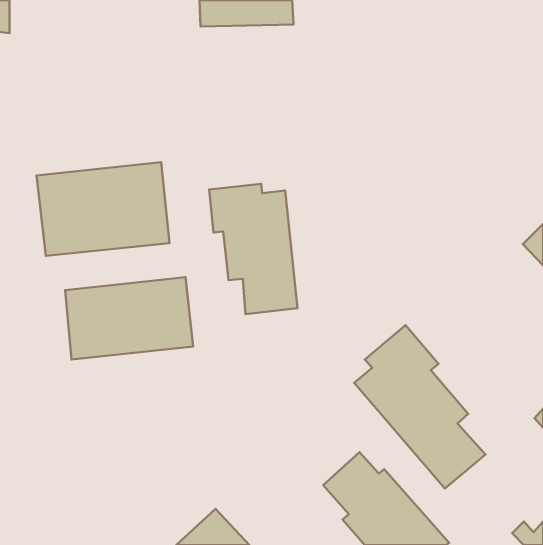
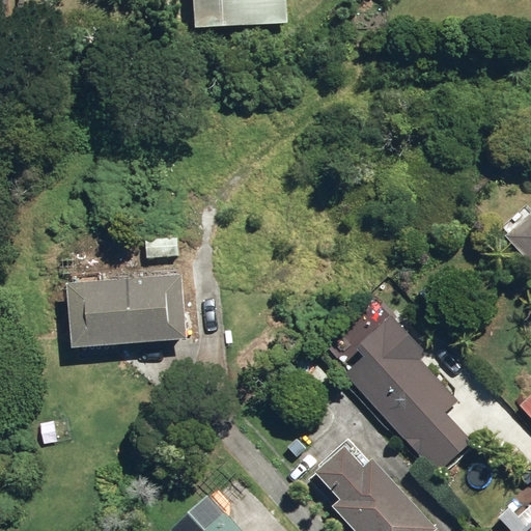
building: [36,162,169,256] -> none
building: [209,184,298,314] -> none

